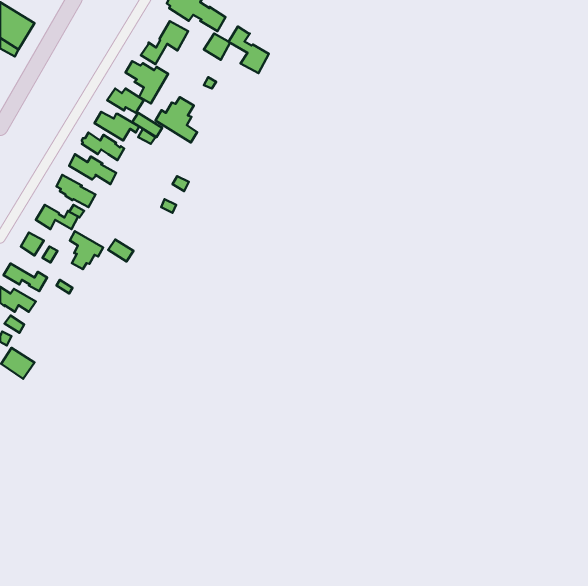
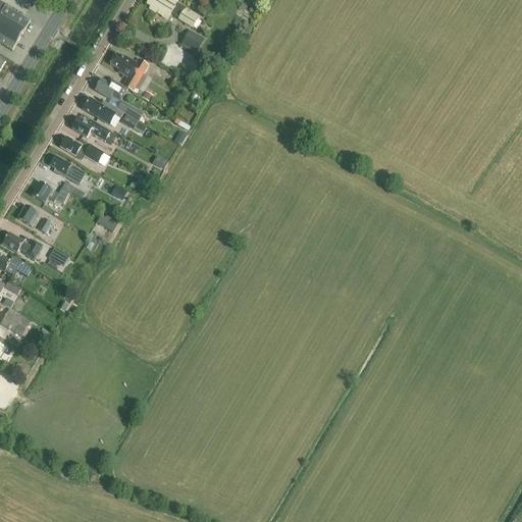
building: [141,21,188,64] -> none
building: [229,26,269,73] -> none
building: [155,97,197,142] -> none
building: [70,231,103,269] -> none

